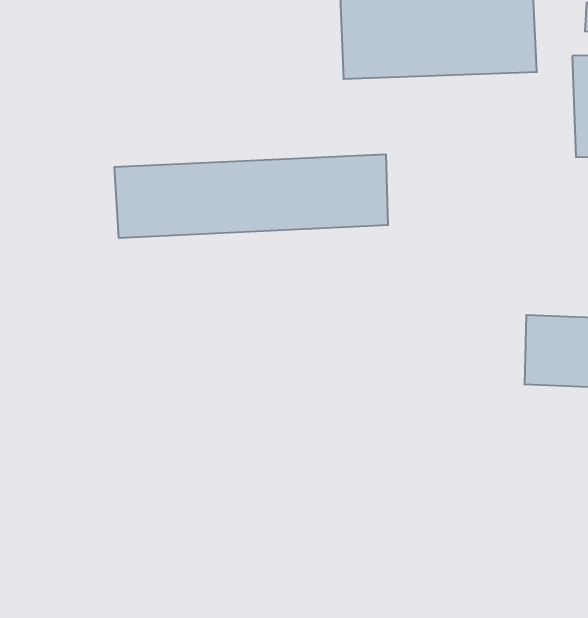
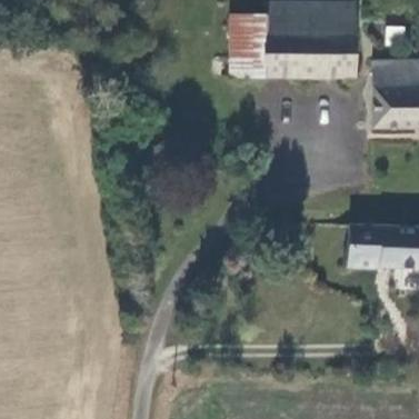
building: [114,154,388,238] -> none

